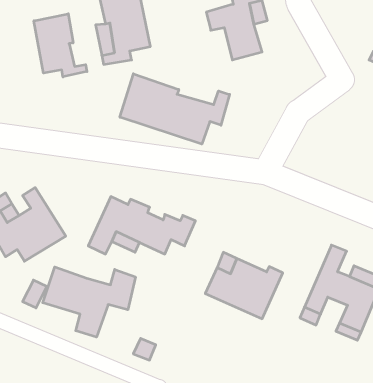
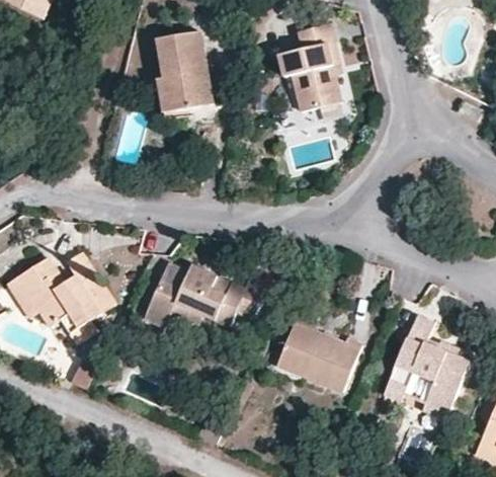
building: [34,14,87,77] -> none
building: [120,74,230,144] -> none
building: [43,267,135,337] -> none

